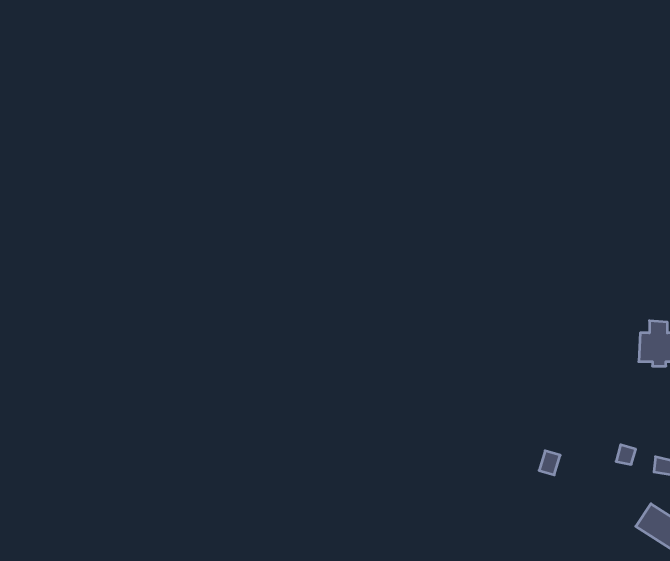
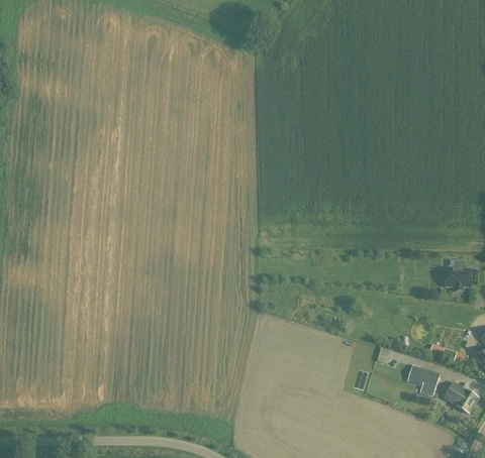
building: none -> [406,364,439,395]

